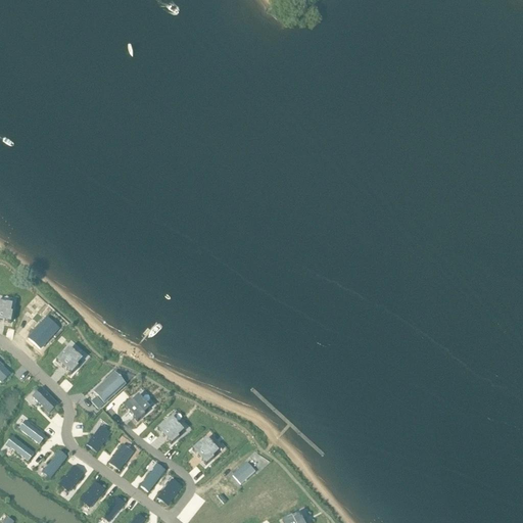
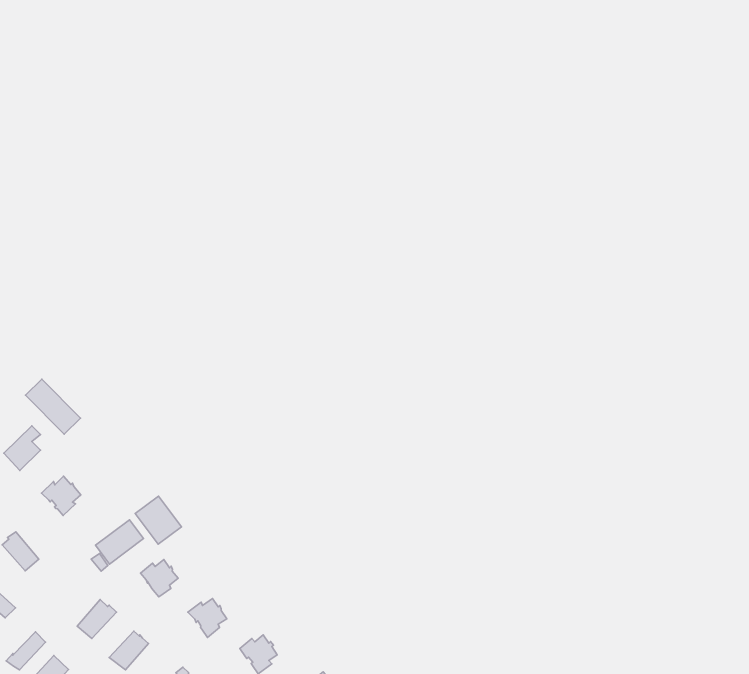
building: none -> [25,379,80,434]
building: none -> [135,496,182,544]

